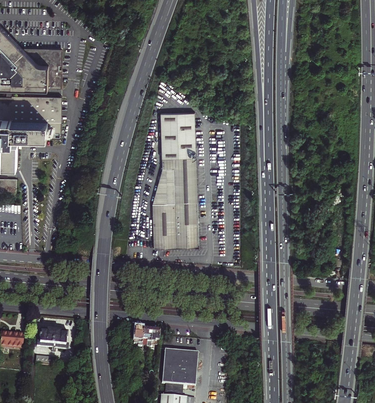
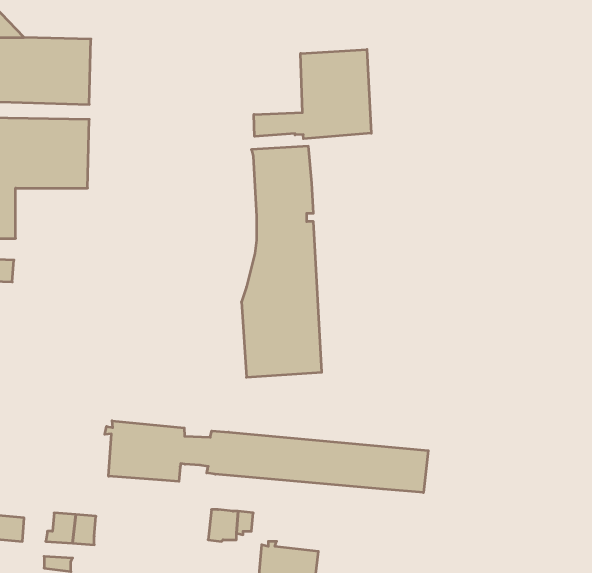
building: none -> [254,49,371,139]
building: none -> [105,421,428,493]

